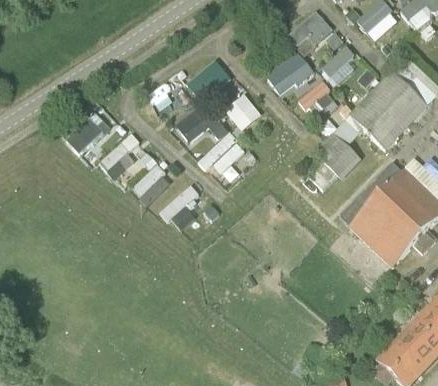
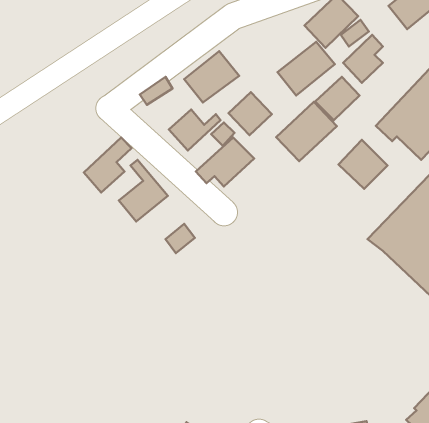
building: none -> [276,102,337,161]
building: [65,111,110,152] -> none

